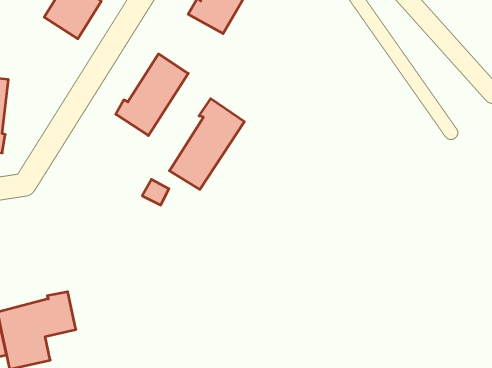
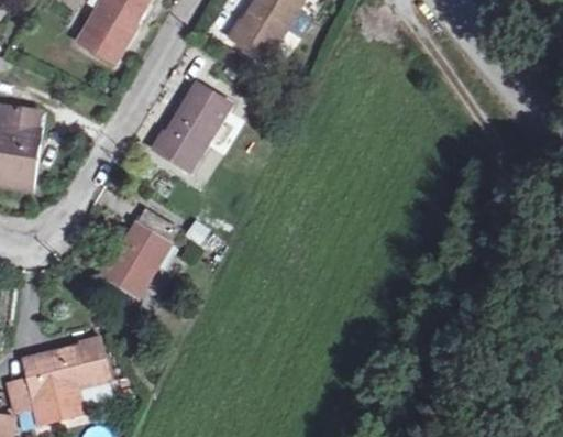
building: [169,99,244,189] -> none
building: none -> [100,209,176,296]

